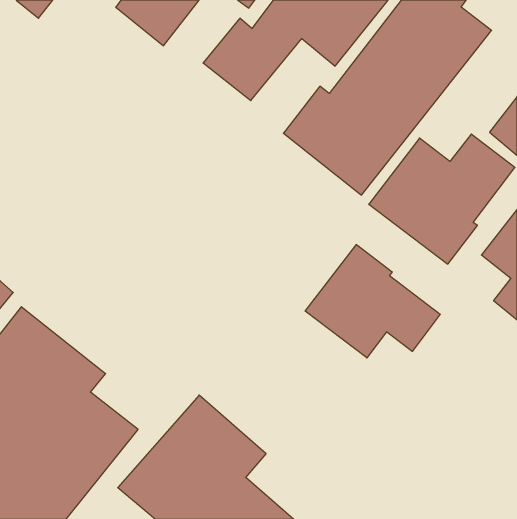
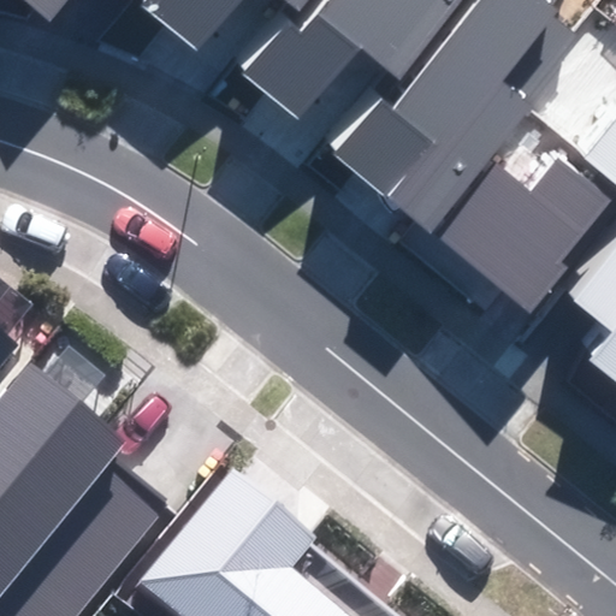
building: [305,245,440,358] -> none

